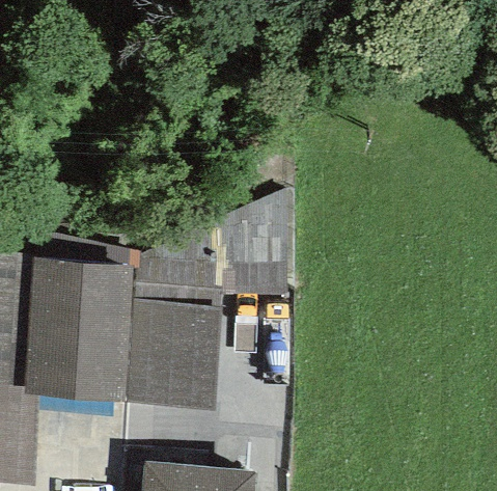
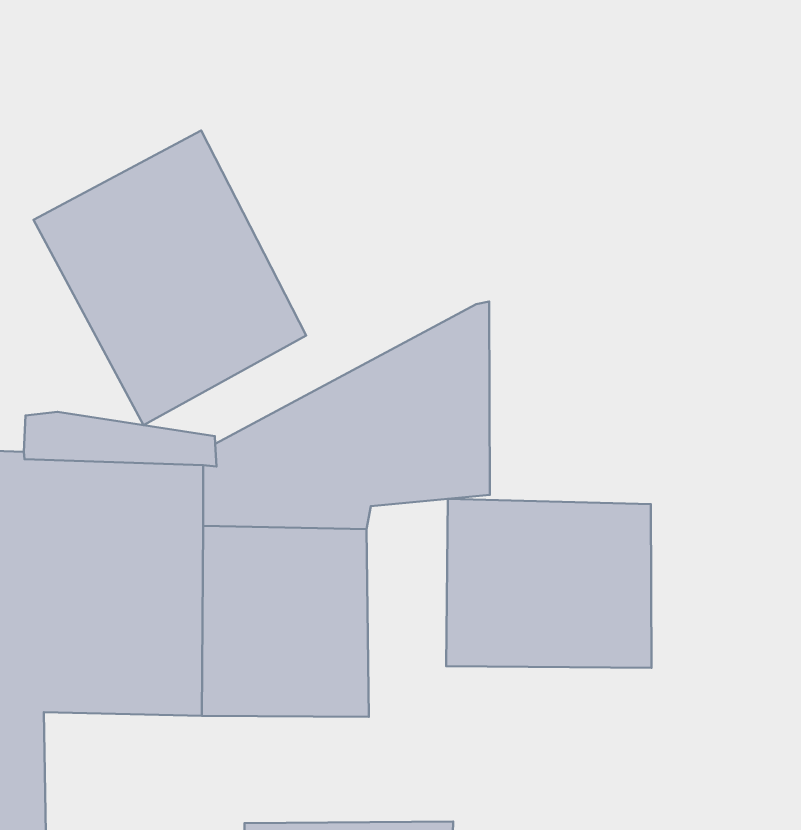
building: none -> [33,131,306,425]
building: none -> [446,499,651,668]

